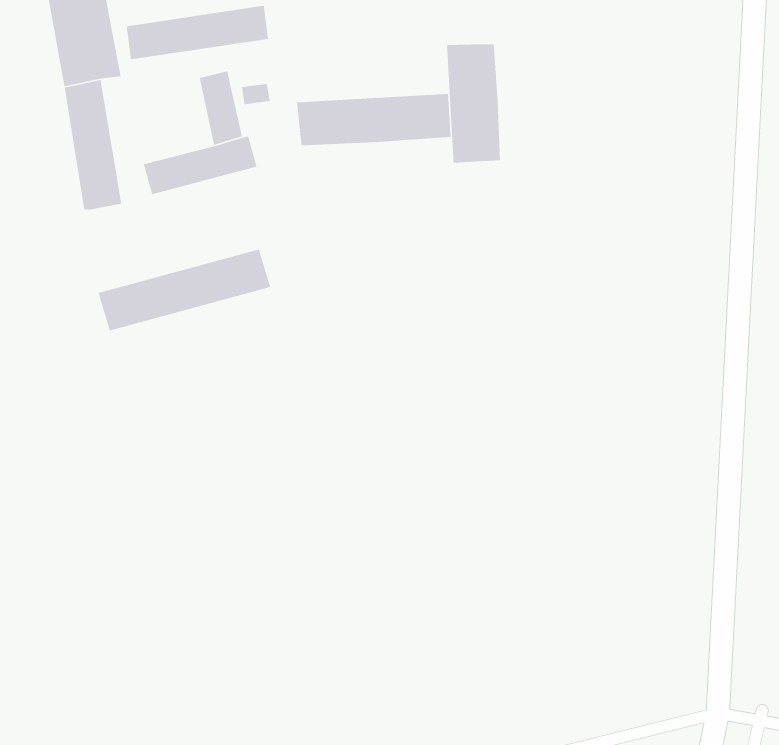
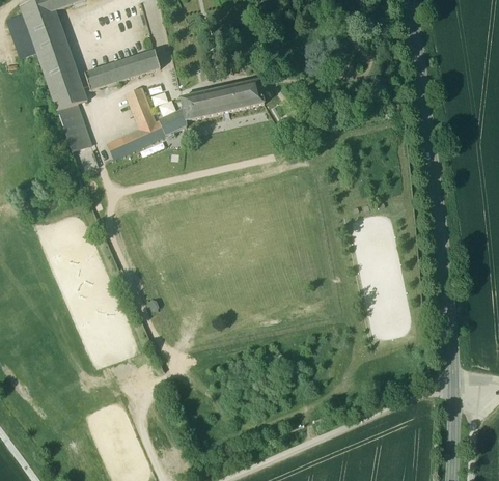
building: [446,43,501,163] -> none
building: none -> [158,108,186,134]
building: [97,249,271,332] -> none

